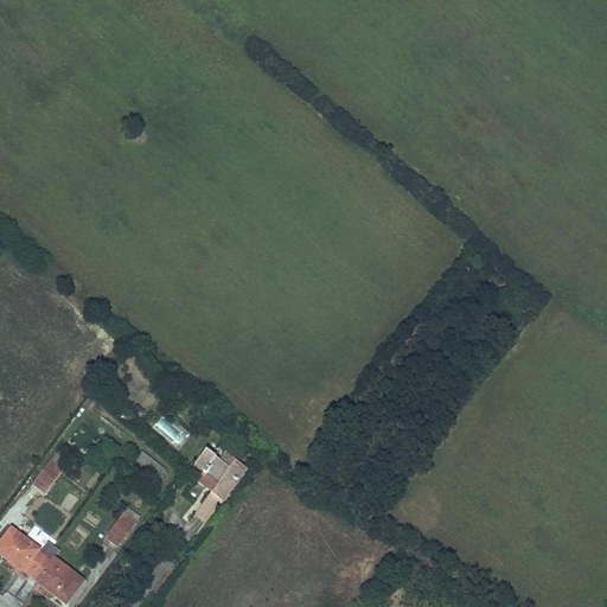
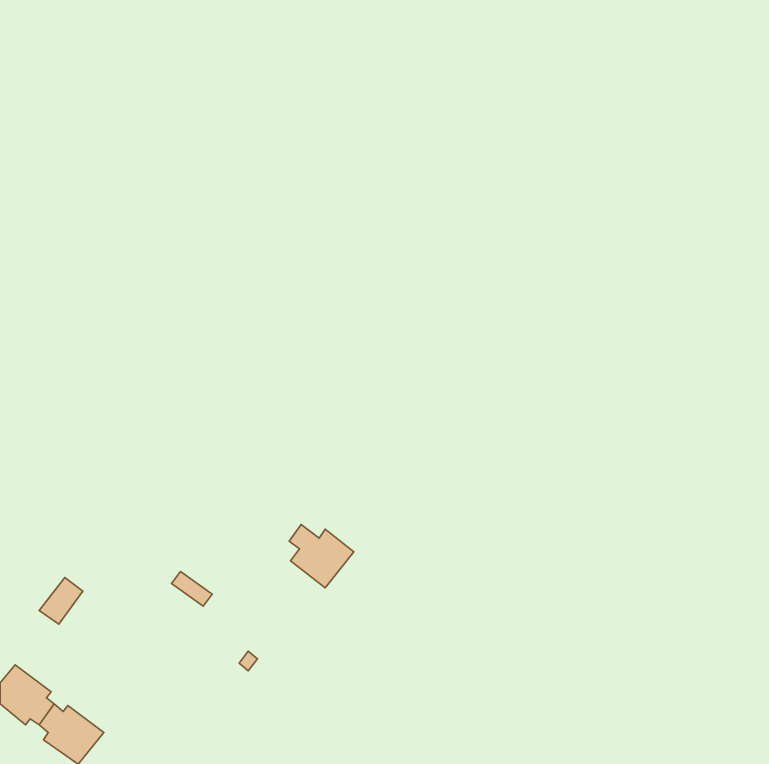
building: [196,448,247,498] -> [289,525,354,588]
building: [104,511,136,544] -> none

